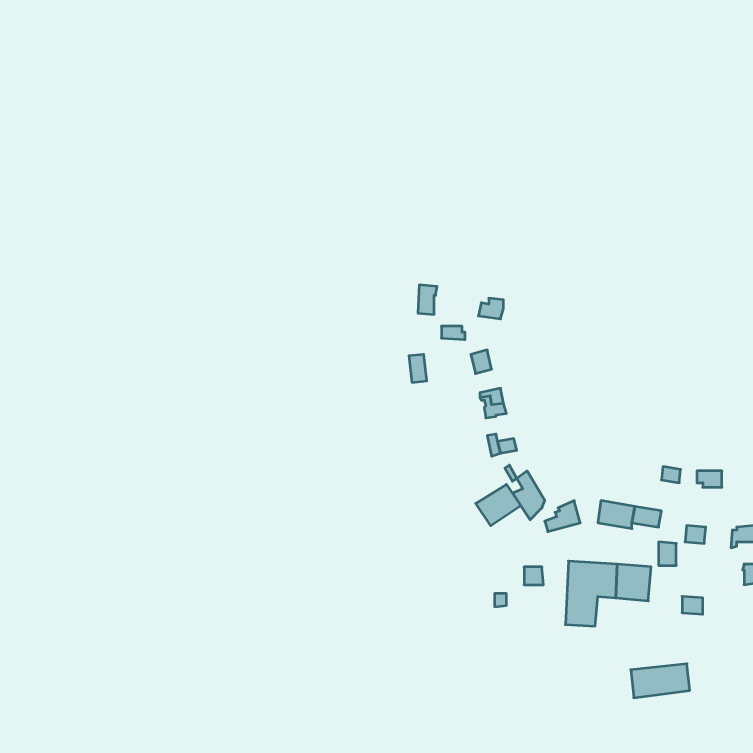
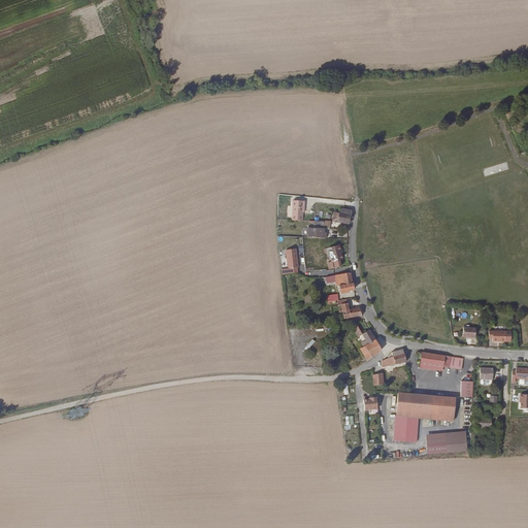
building: [476,484,521,526] -> none
building: [631,664,690,698] -> [426,431,467,455]

